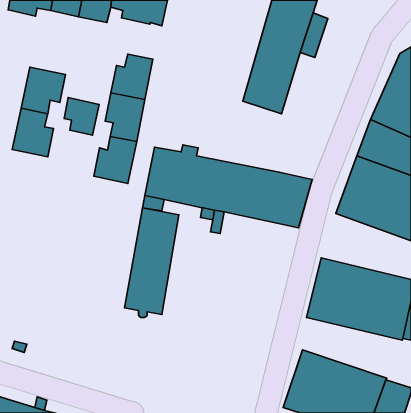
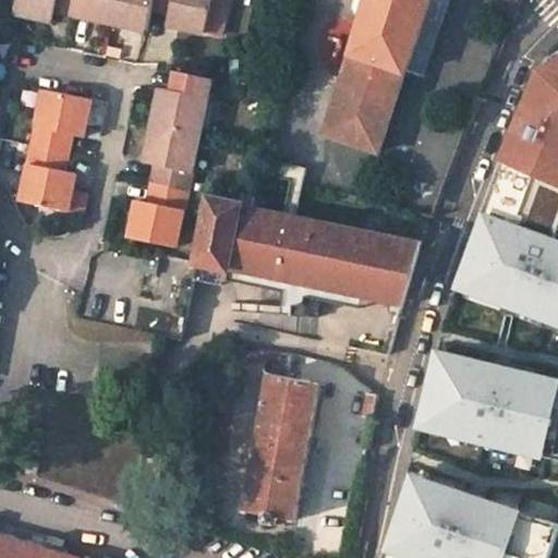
building: [64,98,99,135] -> none
building: [125,208,179,318] -> [242,376,315,524]

